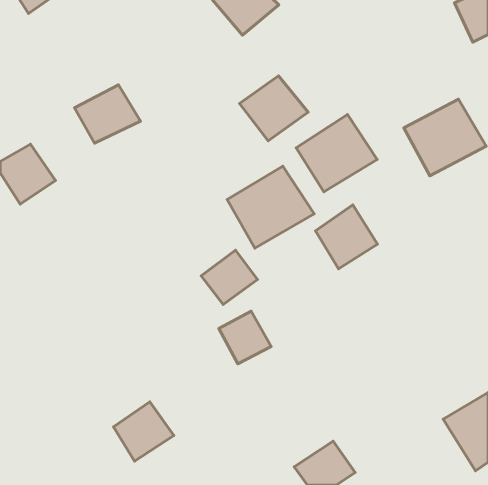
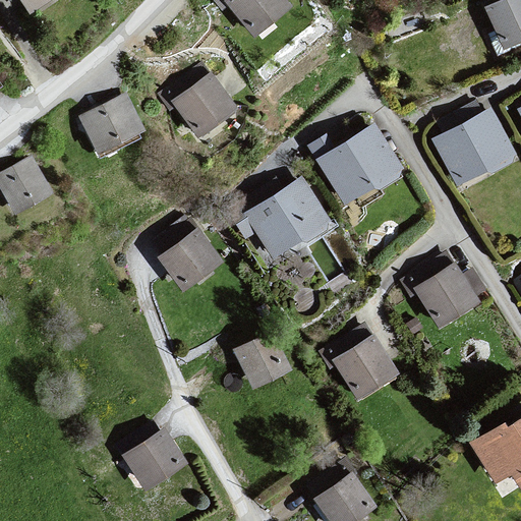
building: [239,76,308,141] -> [171,70,244,139]
building: [315,205,378,269] -> [412,259,478,328]
building: [201,250,257,304] -> [161,227,221,285]
building: none -> [330,333,396,399]

